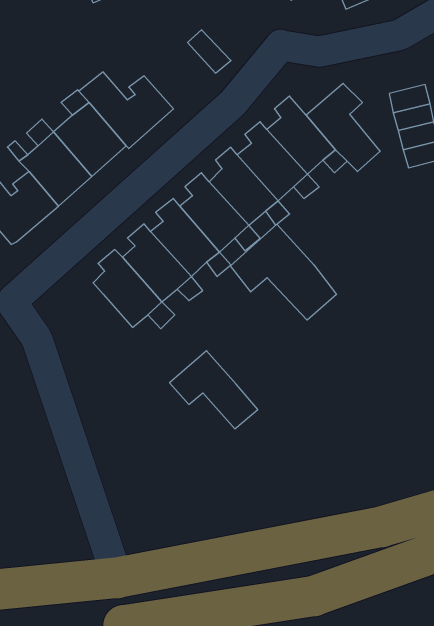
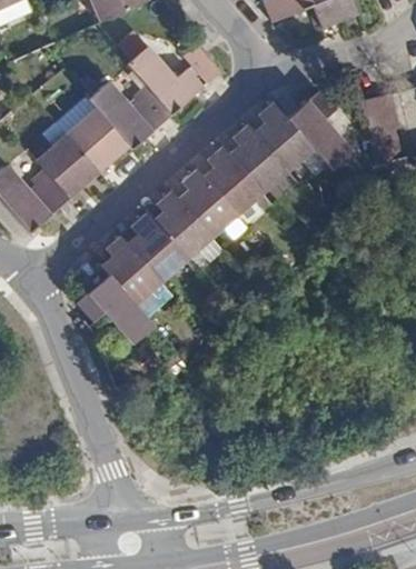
building: none -> [127,44,204,112]
building: [231,224,337,320] -> none
building: [170,351,258,429] -> [78,273,155,341]

